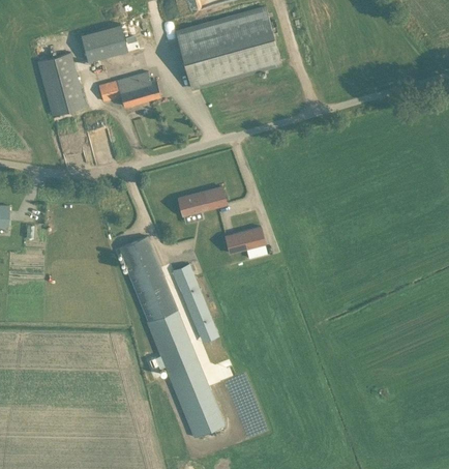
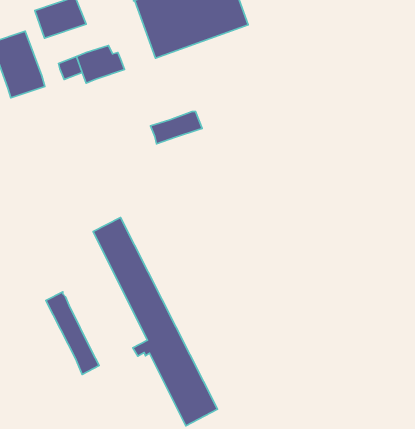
building: [178,187,227,215] -> [151,111,202,144]
building: [226,228,264,253] -> none
building: [173,263,218,343] -> [46,292,99,375]

